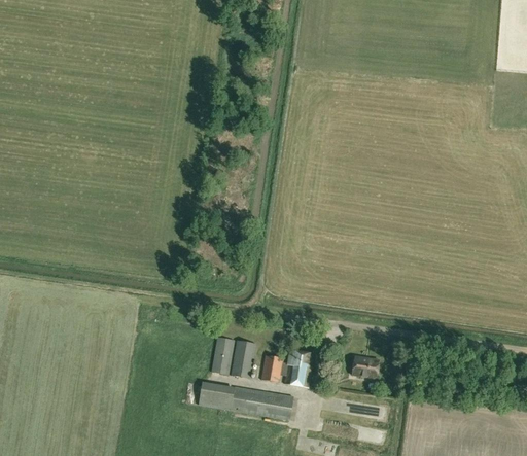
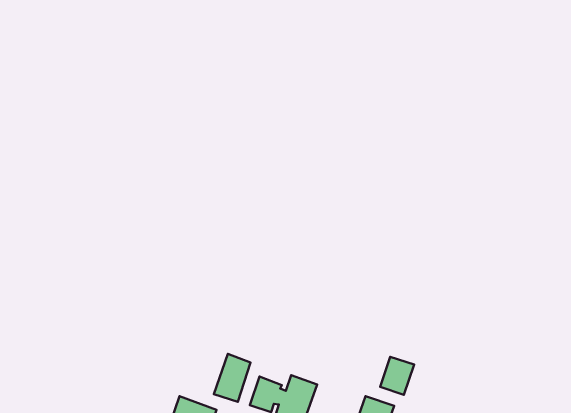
building: none -> [380,357,414,395]
building: [211,337,234,374] -> none

